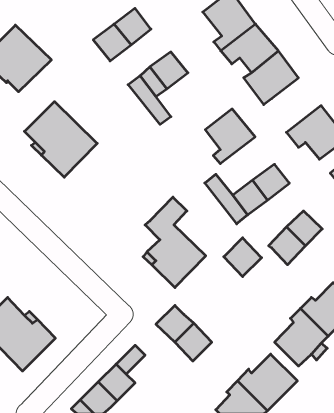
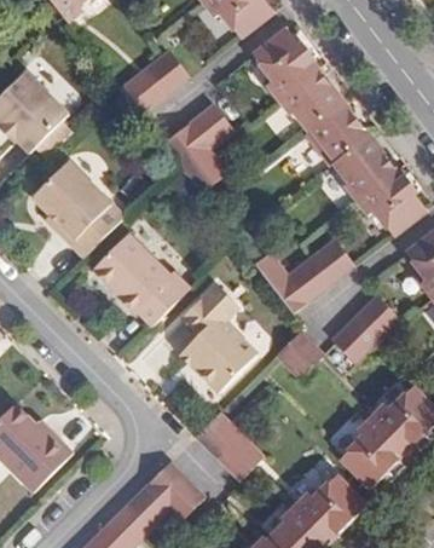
building: [205,109,255,164] -> [336,135,397,202]
building: none -> [94,236,191,325]
building: none -> [160,473,207,519]

